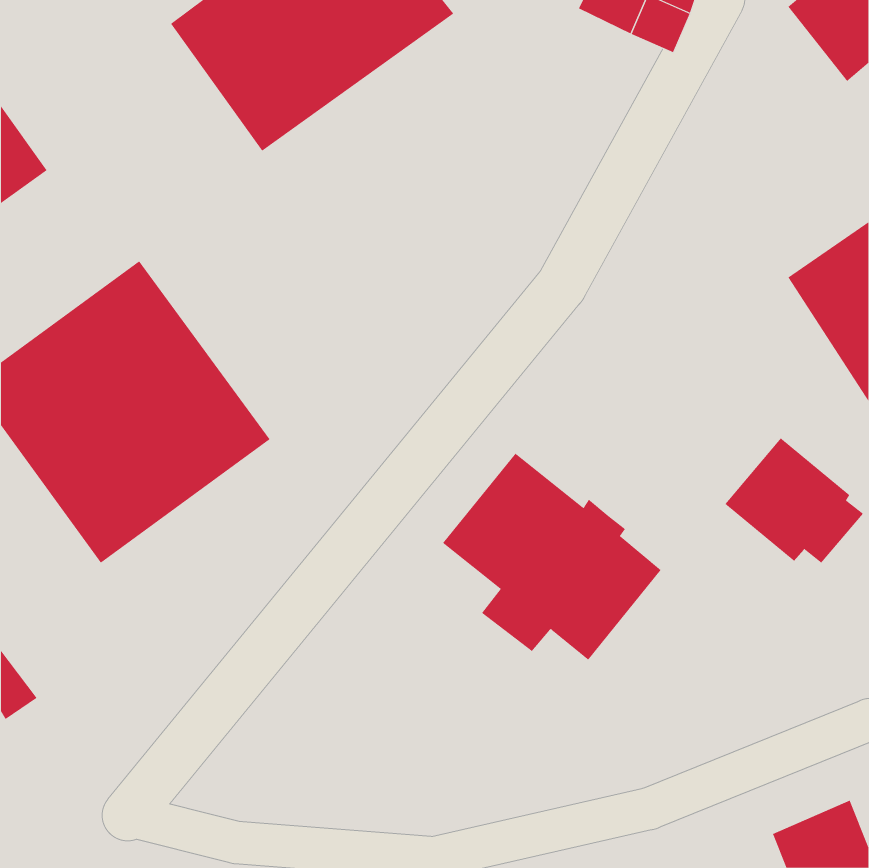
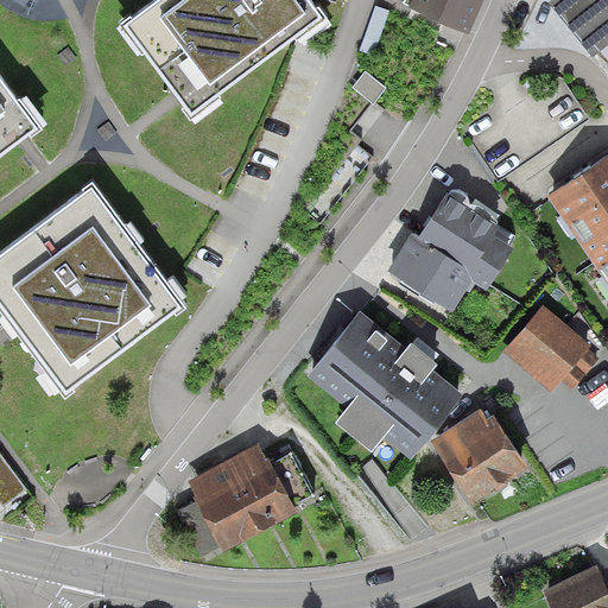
building: none -> [385,194,514,316]
building: none -> [435,405,524,496]
building: none -> [178,452,316,556]

